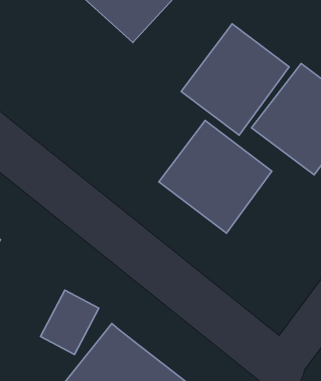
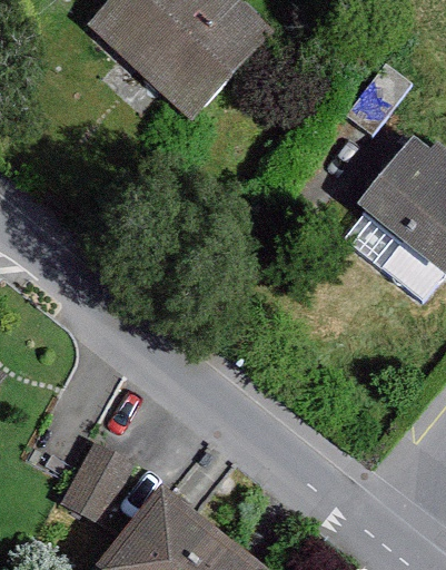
building: [181,24,289,135] -> none
building: [159,121,272,233] -> none

